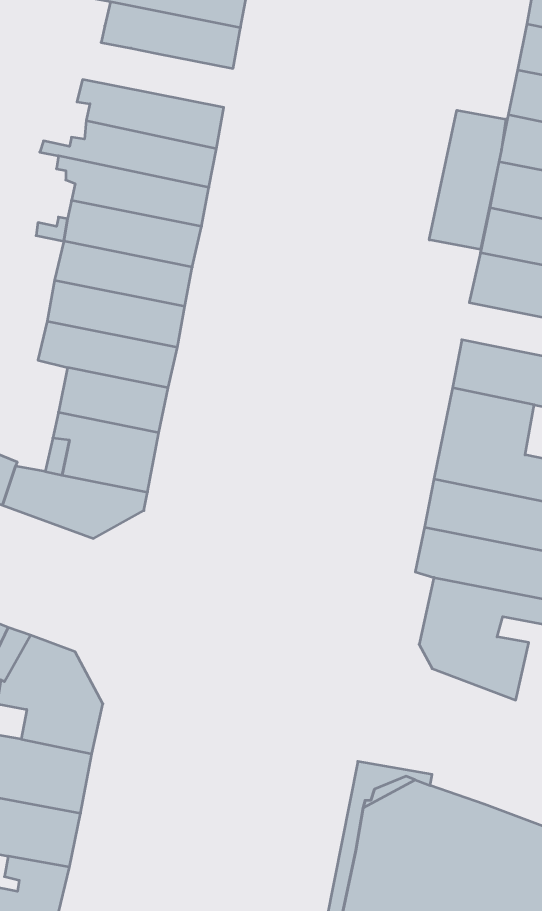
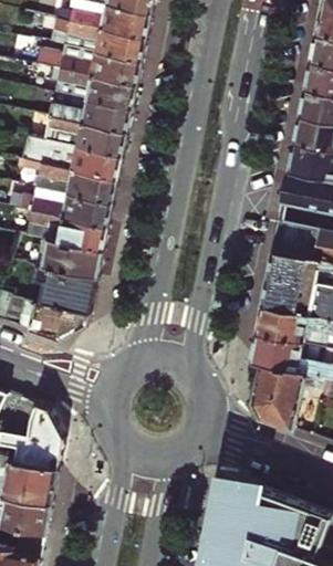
building: none -> [34,44,141,83]
building: [429,110,506,250] -> none

